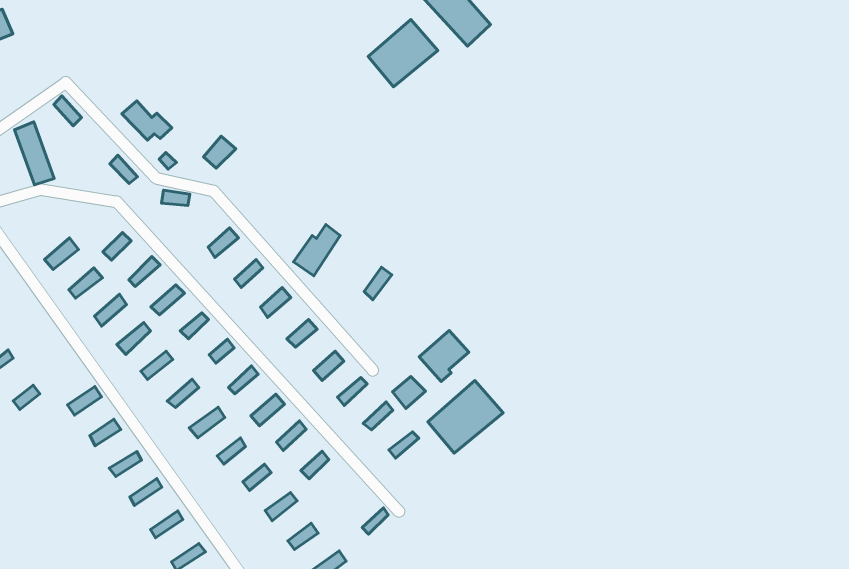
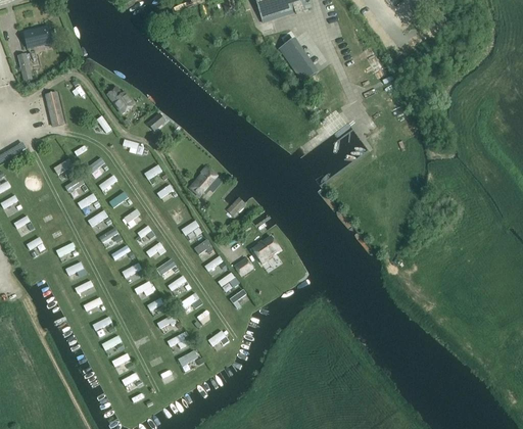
building: [368,19,438,87] -> none
building: [428,381,503,453] -> none

